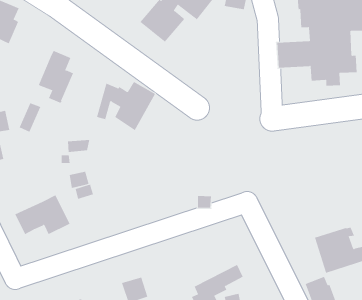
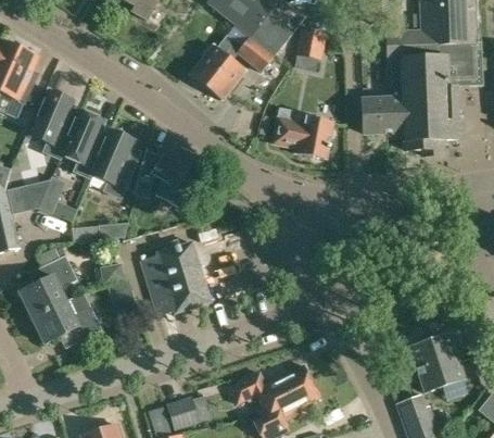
building: none -> [33,91,76,159]
building: none -> [274,109,332,159]
building: none -> [91,128,141,198]
building: none -> [141,241,211,315]
building: none -> [20,254,77,317]
building: none -> [228,364,313,409]

